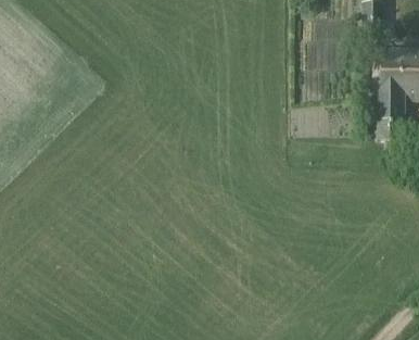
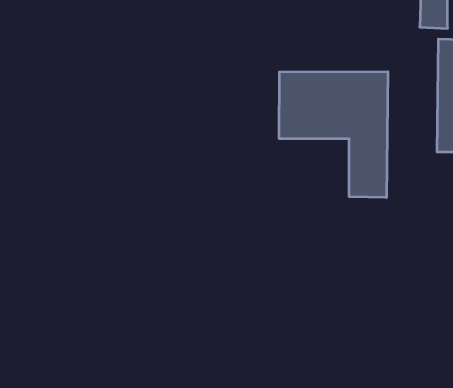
building: none -> [279,72,388,198]

